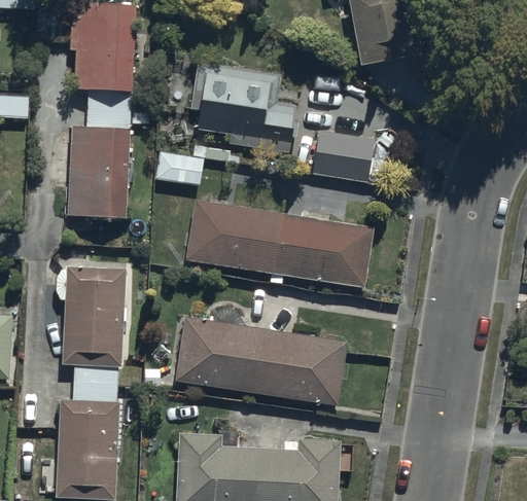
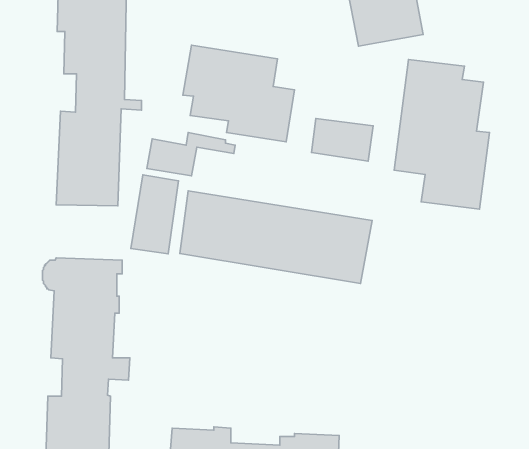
building: none -> [394,60,490,209]
building: none -> [131,175,179,254]
building: [174,315,346,405] -> none

